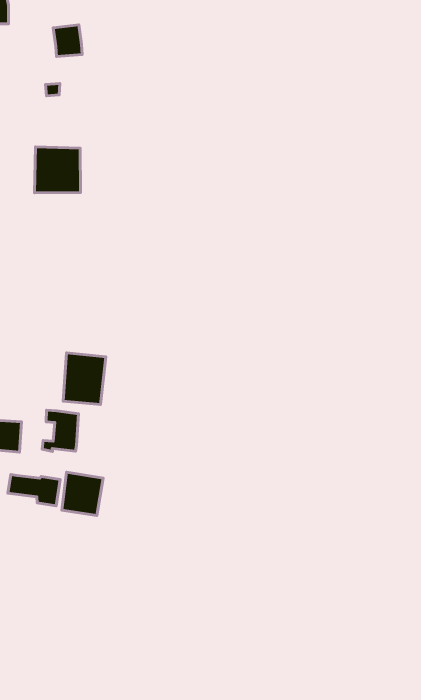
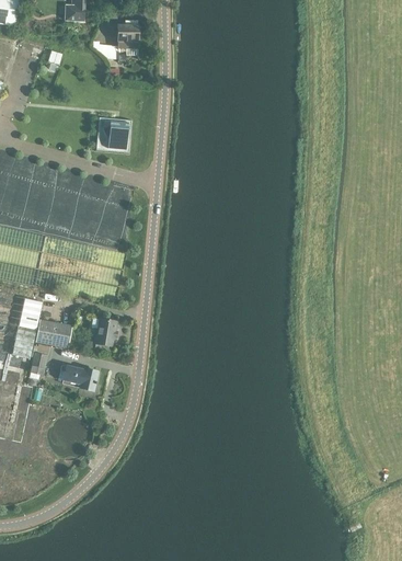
building: [63,353,106,404] -> none
building: [62,472,103,515] -> none

